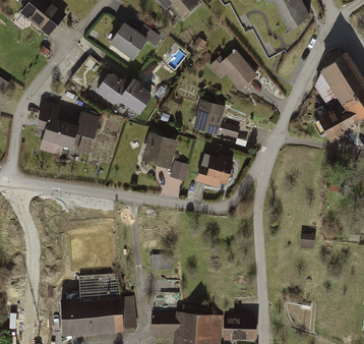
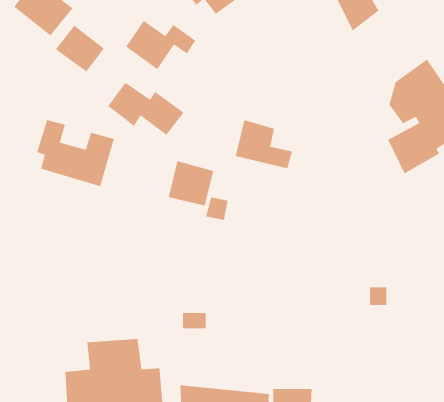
building: none -> [55,25,105,73]
building: [208,52,257,91] -> none
building: [198,153,233,184] -> none

